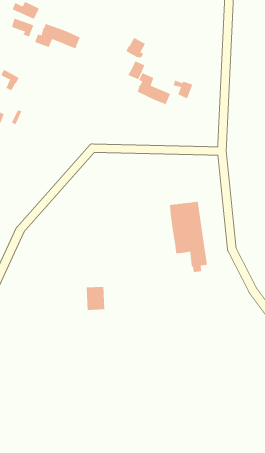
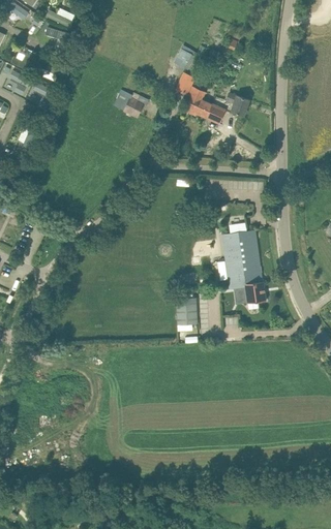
building: [34,23,81,49] -> none
building: none -> [113,90,148,117]
building: [86,286,105,310] -> [175,298,197,324]

